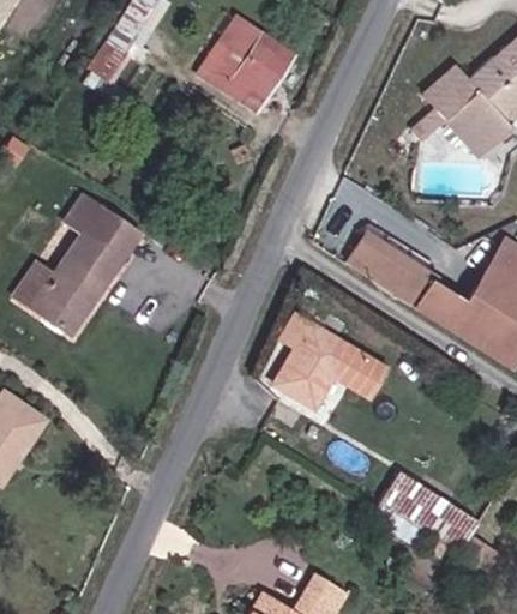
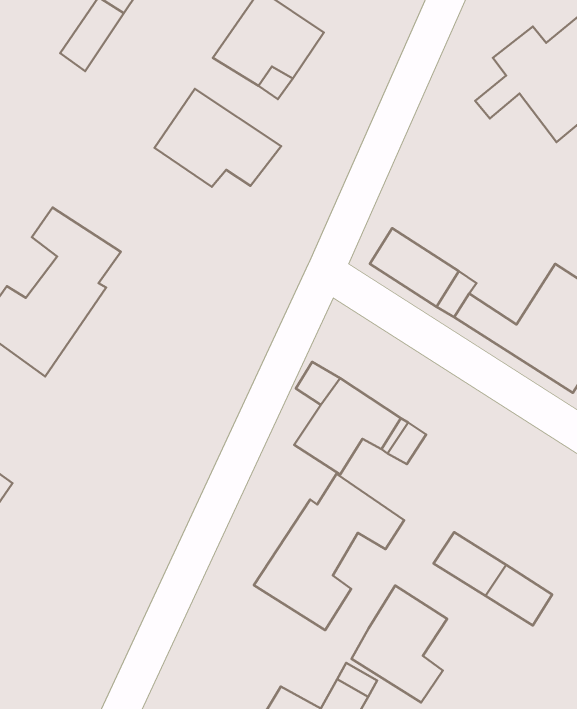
building: none -> [155,89,281,187]
building: none -> [254,474,404,630]
building: none -> [351,585,447,703]

